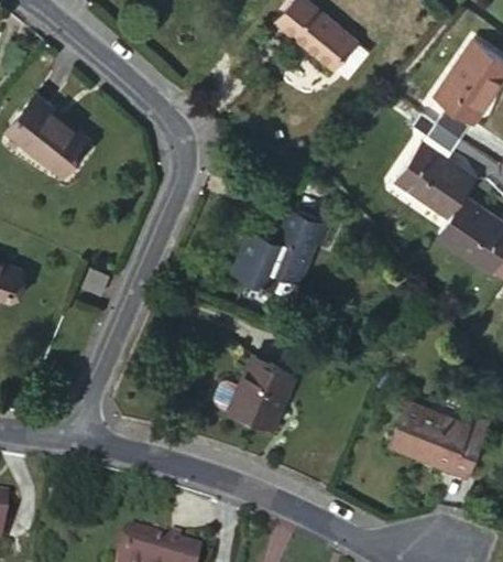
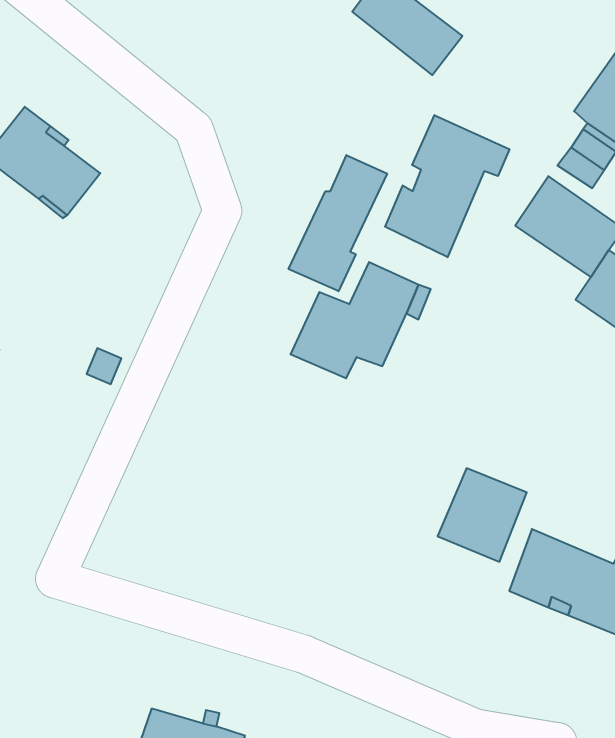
building: none -> [385,115,510,257]
building: none -> [289,155,387,291]
building: [229,361,294,430] -> [438,468,527,562]

